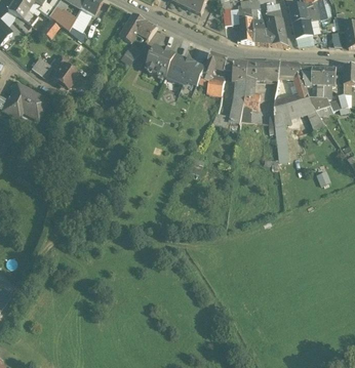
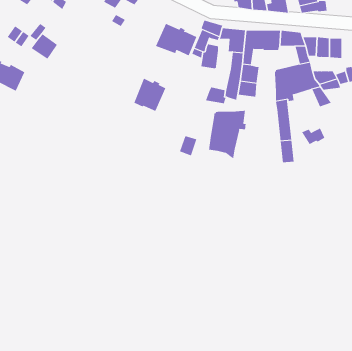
building: [146,45,175,76] -> [133,78,166,112]
building: none -> [208,110,246,159]

